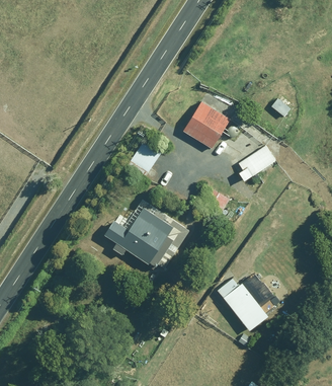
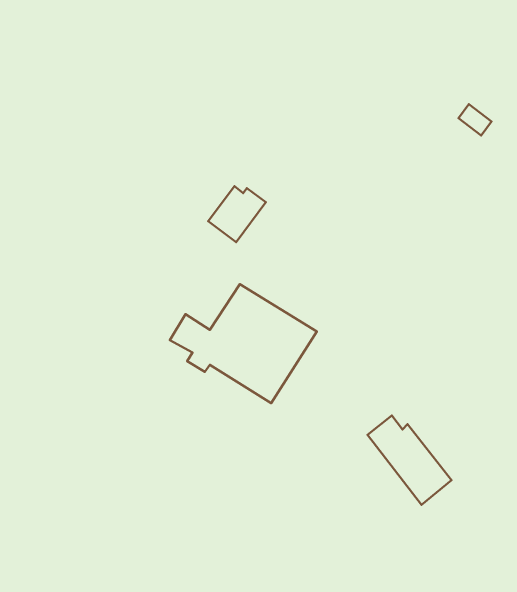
building: [182,101,229,149] -> none
building: [238,146,274,180] -> none

